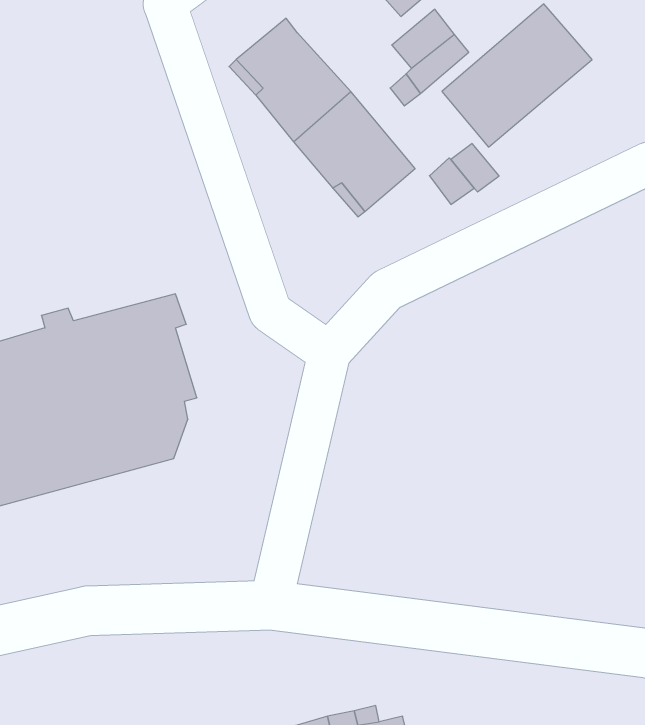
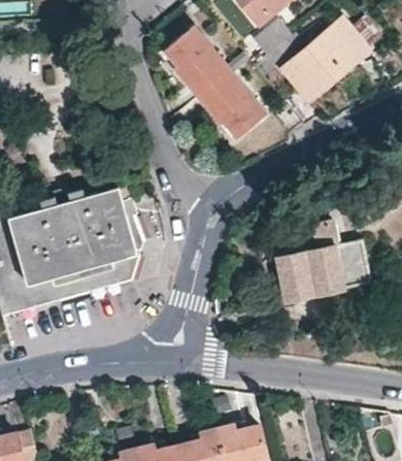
building: none -> [274,221,371,299]

